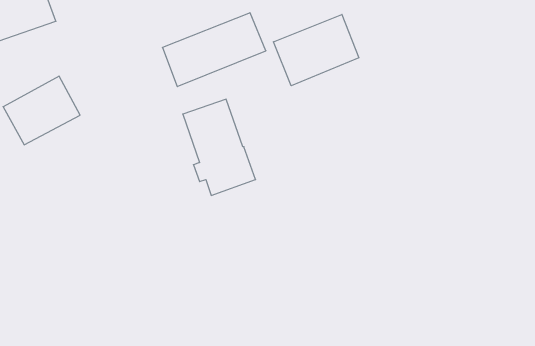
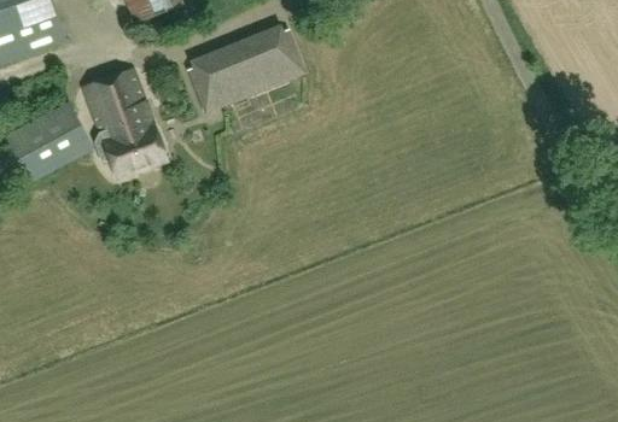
building: [273,14,359,86] -> none
building: [183,99,256,195] -> [83,68,167,177]

